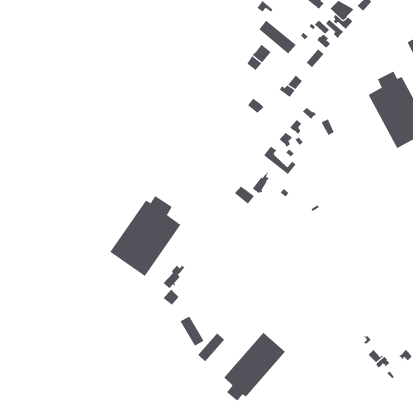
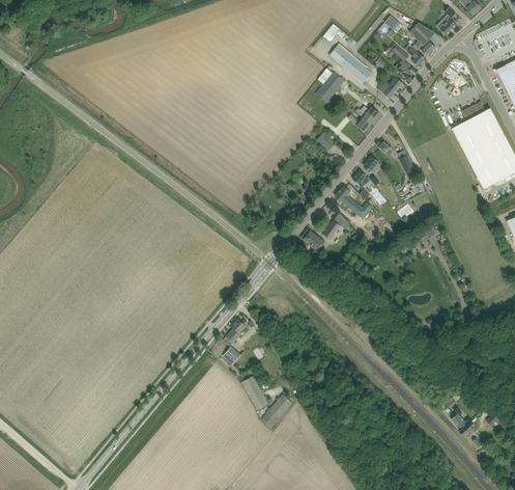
building: [109,195,181,277] -> none
building: [223,332,286,402] -> none

